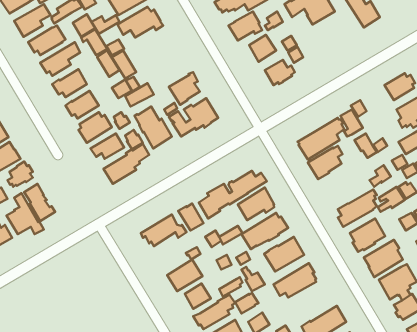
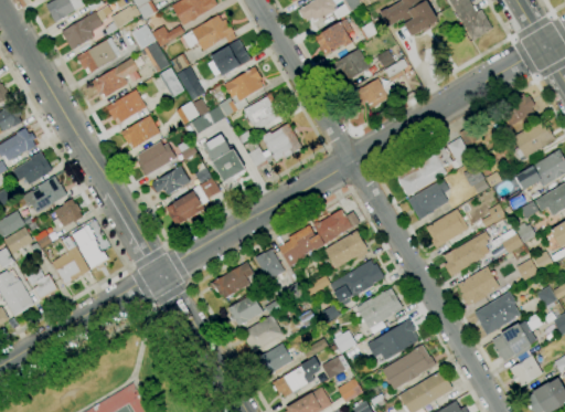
building: none -> [209,40,252,77]
building: none -> [218,66,264,118]
building: none -> [427,209,469,249]
building: none -> [228,294,264,327]
building: none -> [383,346,436,389]

